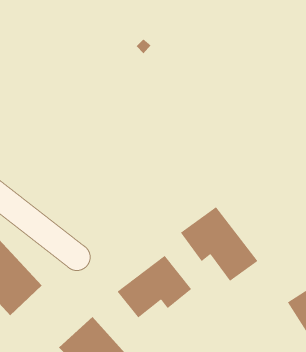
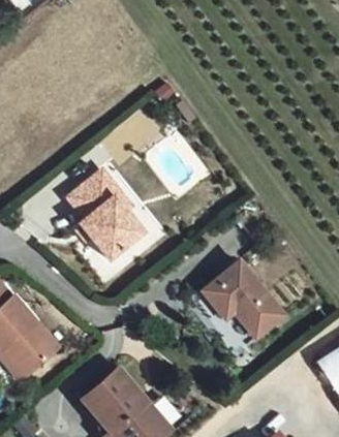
building: none -> [71,165,144,254]
building: [117,255,192,318] -> none

